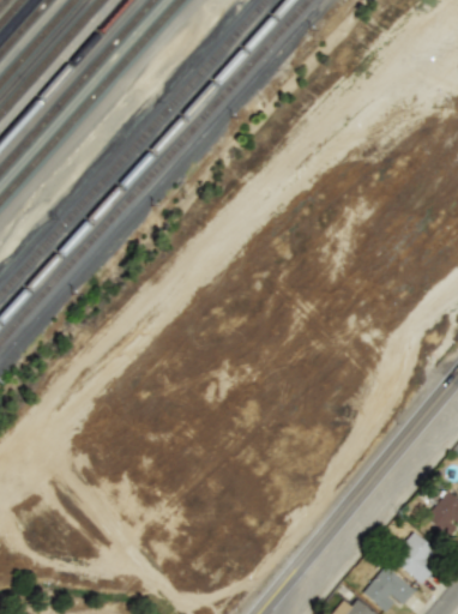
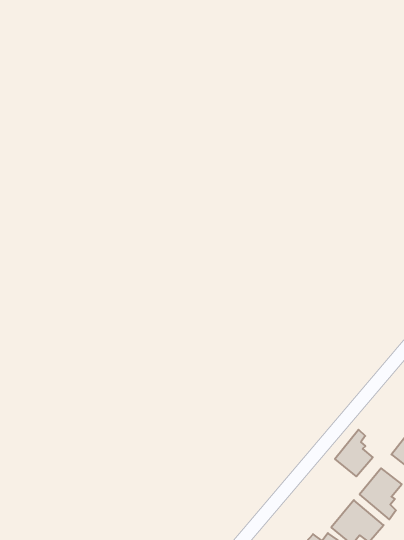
building: none -> [335,430,373,476]

